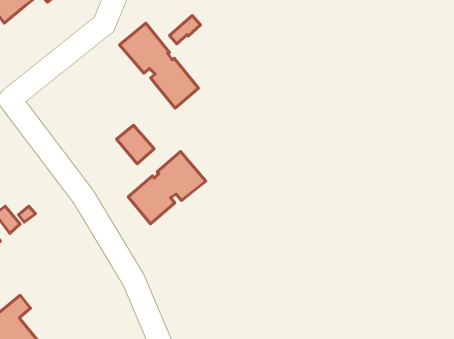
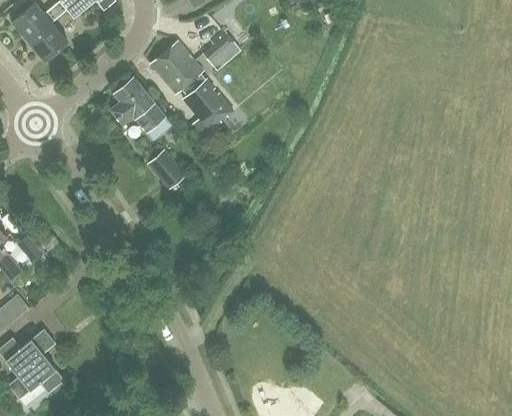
building: none -> [28,23,68,62]
building: none -> [111,78,171,140]
building: [128,152,206,224] -> none

